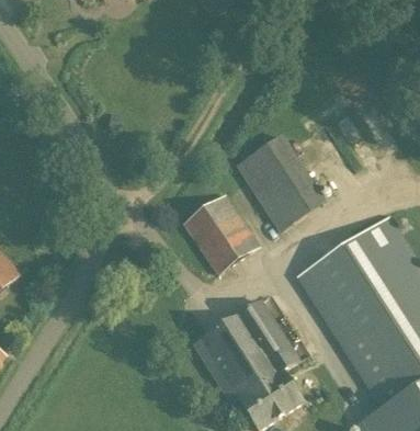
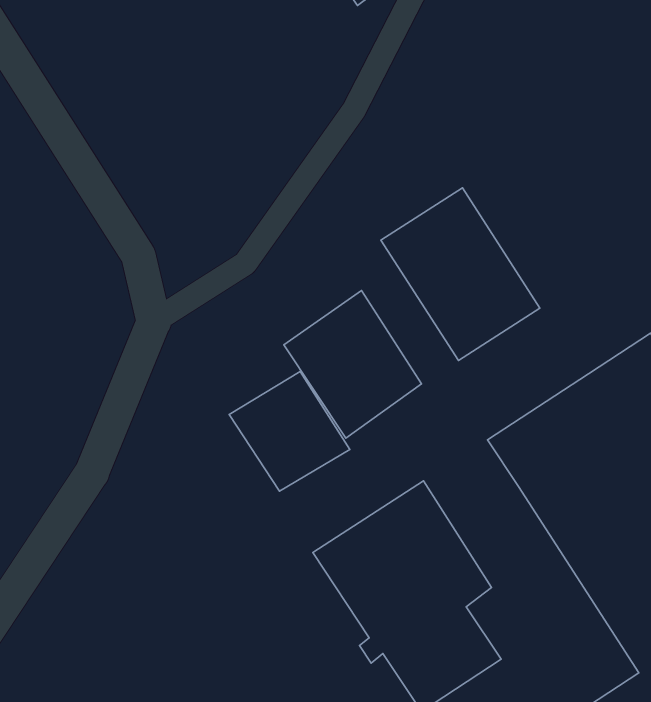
building: none -> [229,371,350,491]

